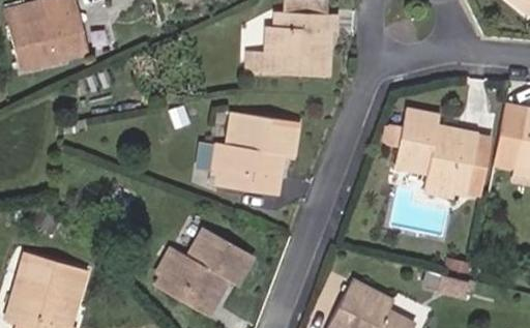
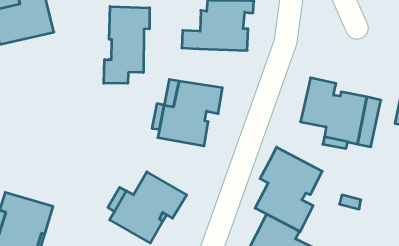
building: none -> [104,6,150,83]
building: none -> [255,147,322,232]

